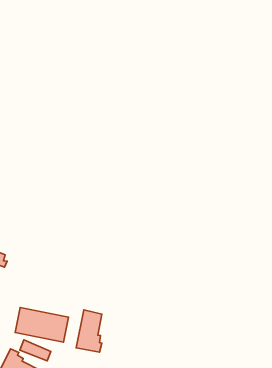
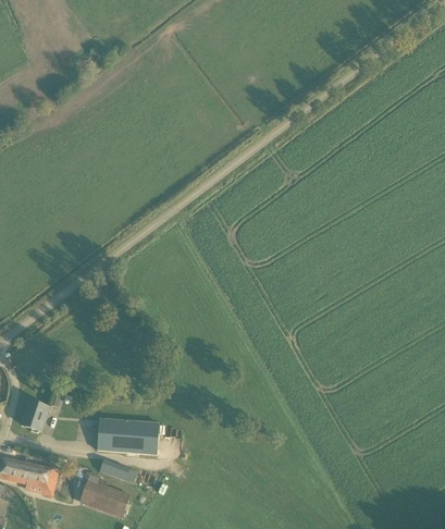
building: [76,310,102,352] -> none

